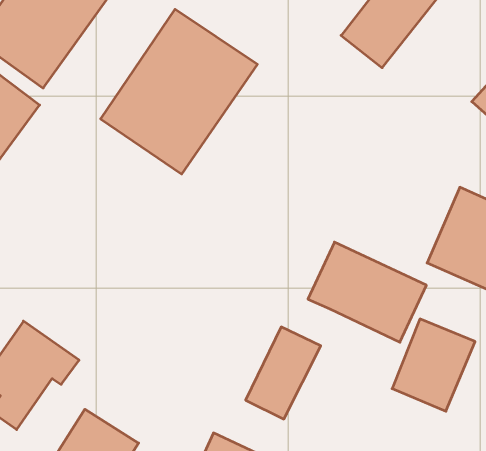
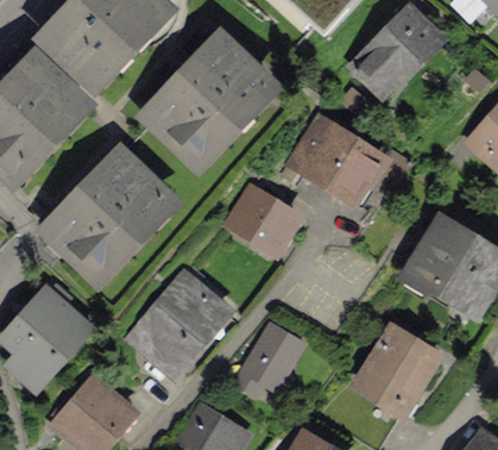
building: none -> [44,150,174,280]
building: none -> [227,180,298,251]
building: [308,242,426,342] -> [285,119,389,212]
building: none -> [131,269,232,371]

